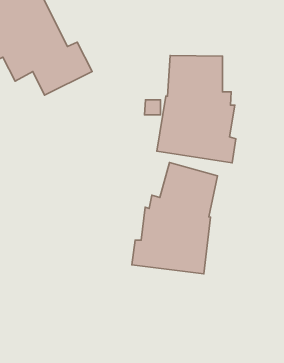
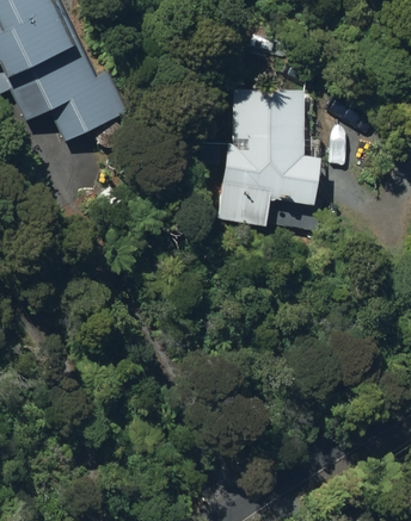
building: [132,162,217,274] -> none

